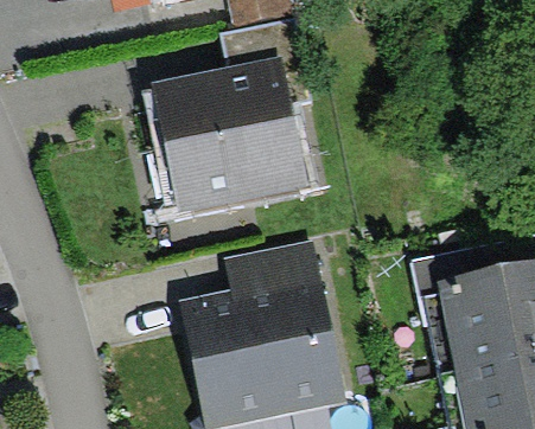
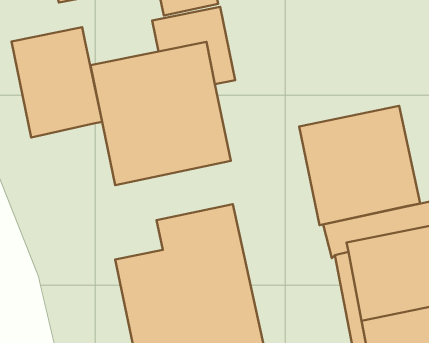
building: none -> [12,27,102,137]
building: none -> [299,106,420,225]

